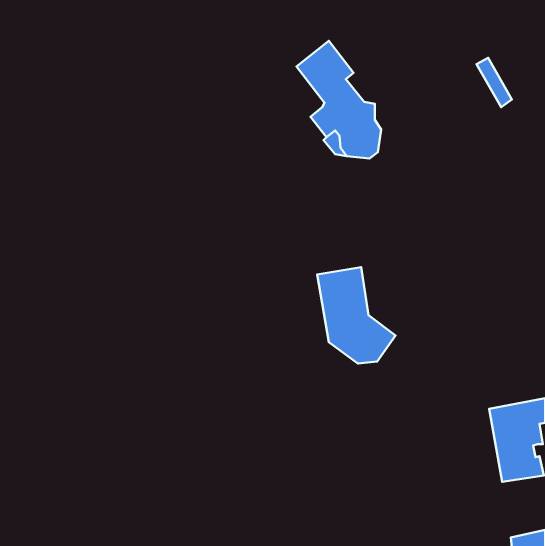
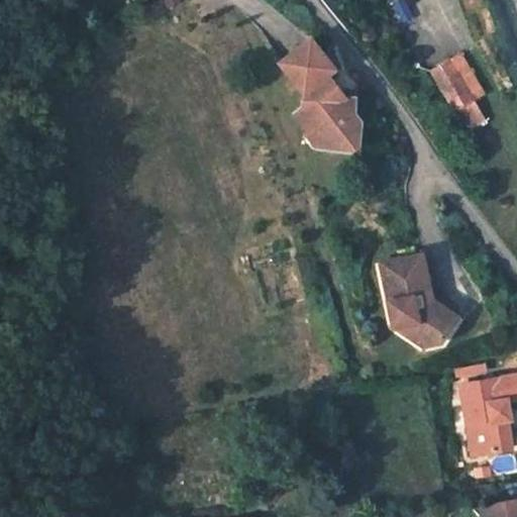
building: none -> [432,62,483,132]
building: [317,267,395,364] -> [385,254,458,345]

